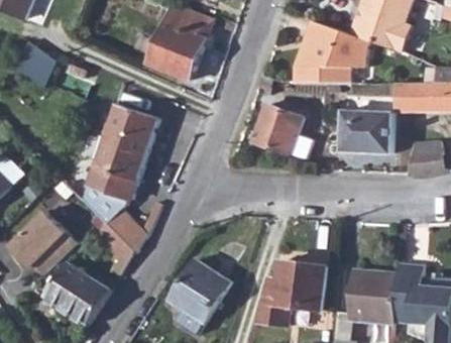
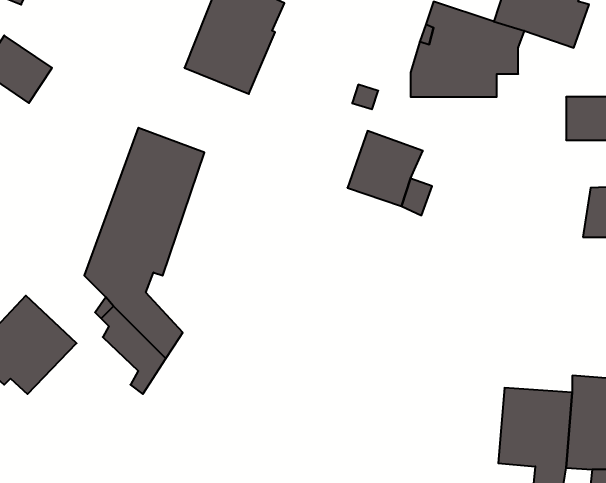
building: [341,112,392,154] -> none
building: [167,258,229,321] -> none
building: [42,260,110,326] -> none
building: [257,260,327,324] -> none

